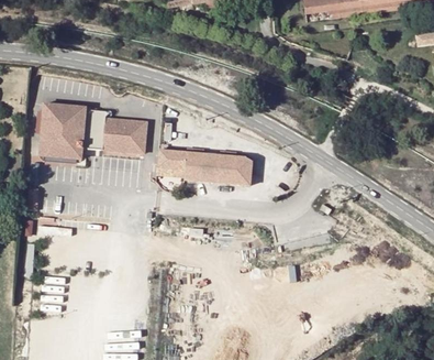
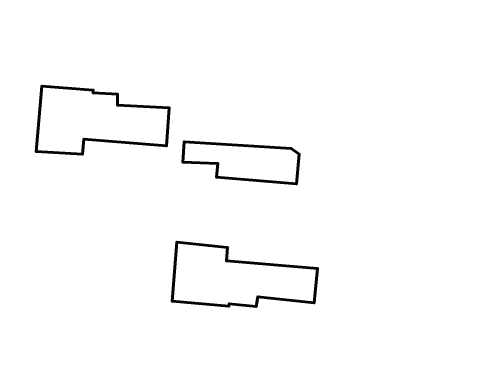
building: none -> [172,242,317,306]

